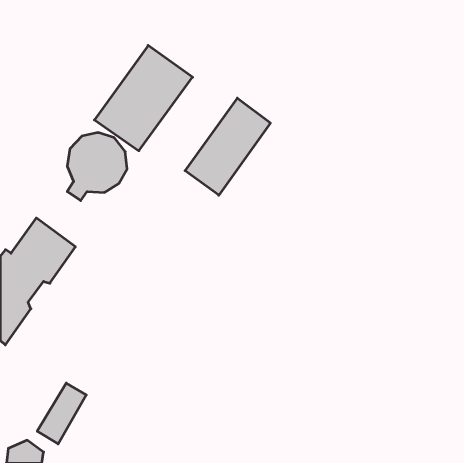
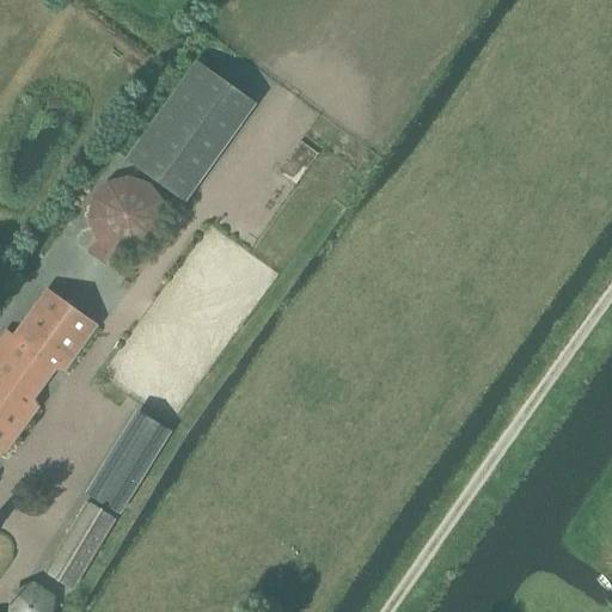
building: [185,98,270,195] -> none
building: none -> [86,410,172,514]

